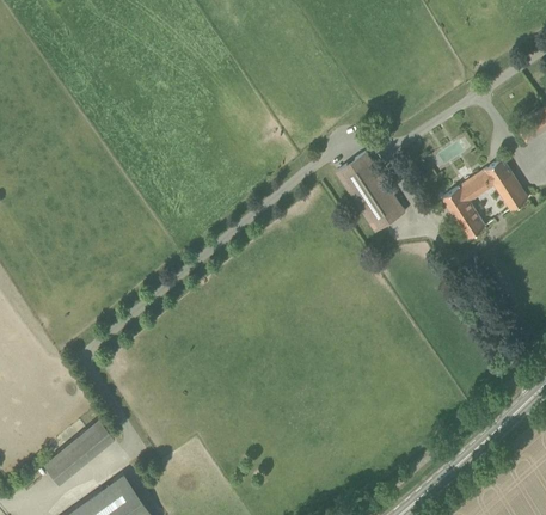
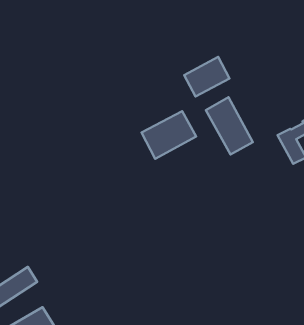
building: none -> [184,57,229,96]
building: none -> [142,111,196,159]

